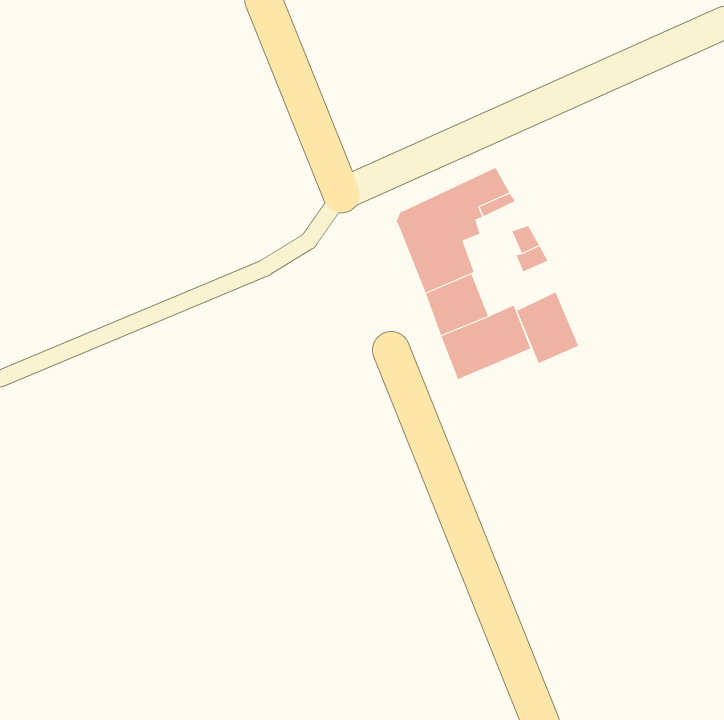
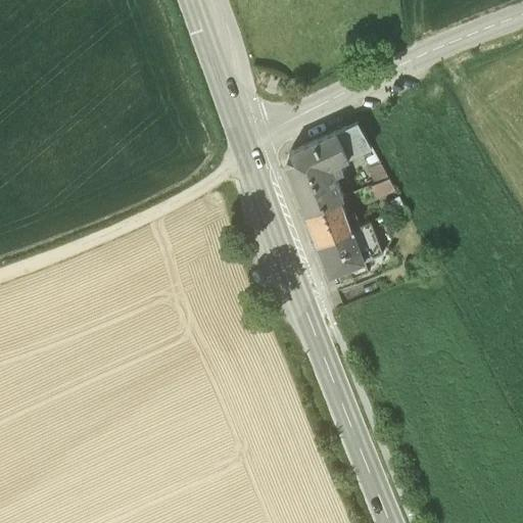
building: [517,292,579,364] -> none

